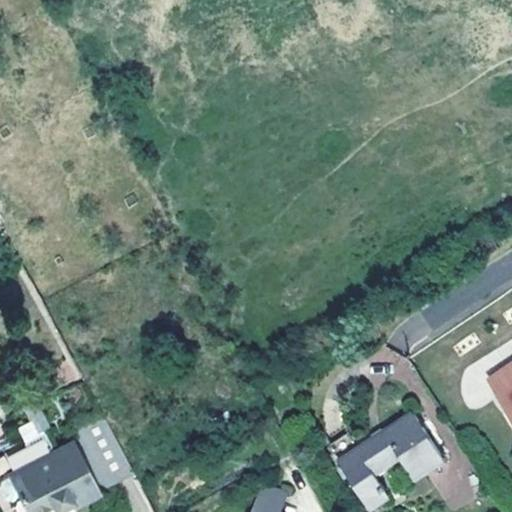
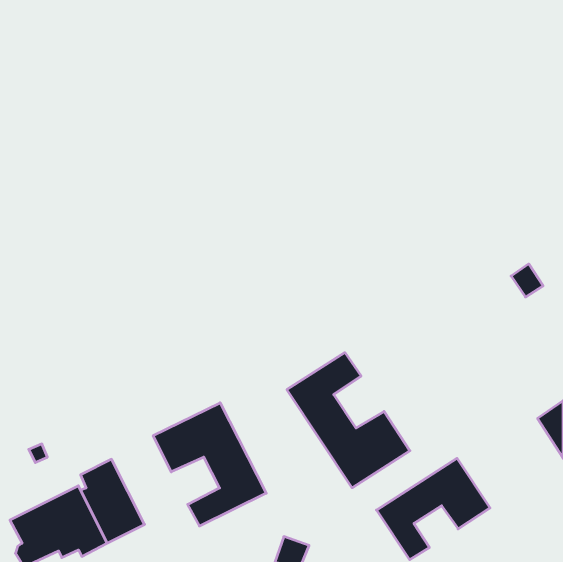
building: none -> [287,353,410,488]
building: none -> [153,403,266,526]

